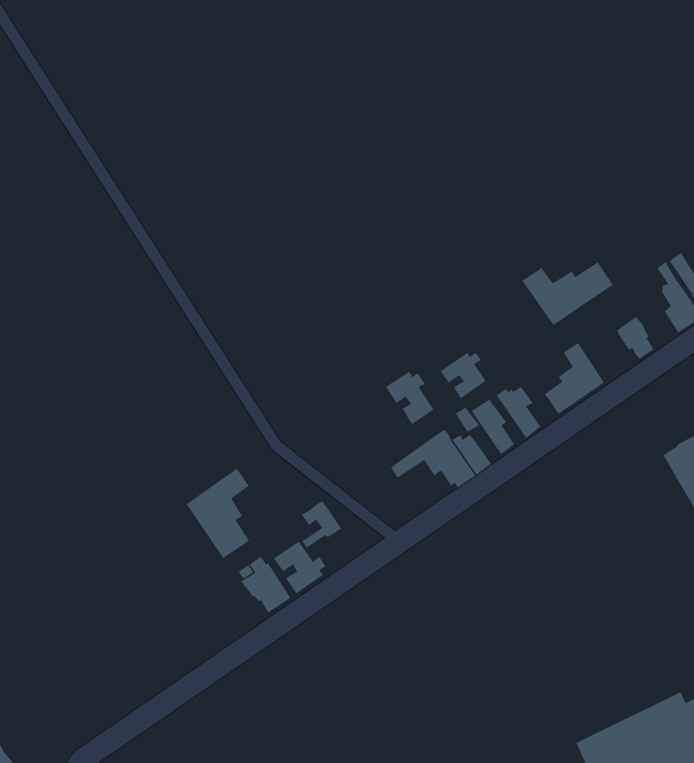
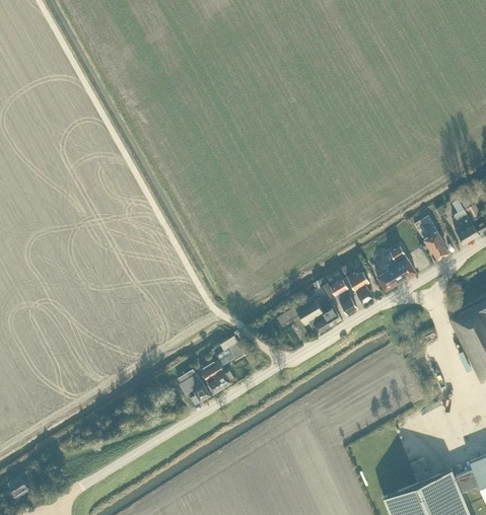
building: [522,262,613,326] -> none
building: [440,352,486,399] -> none
building: [385,371,434,425] -> none
building: [186,468,250,559] -> none

